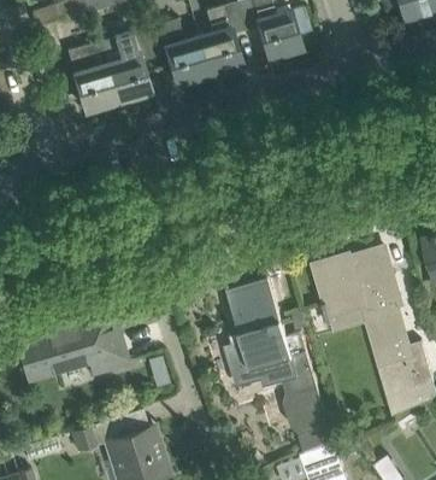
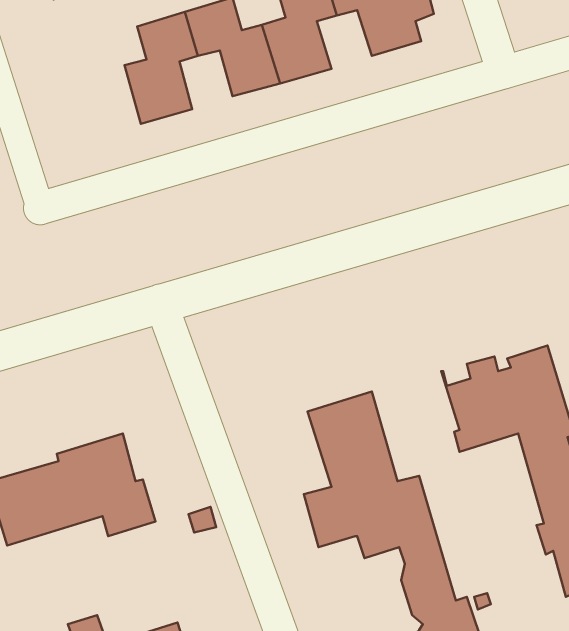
building: [67,42,117,112] -> none

